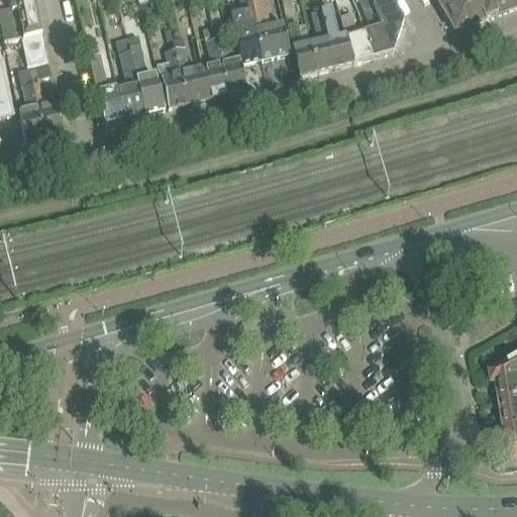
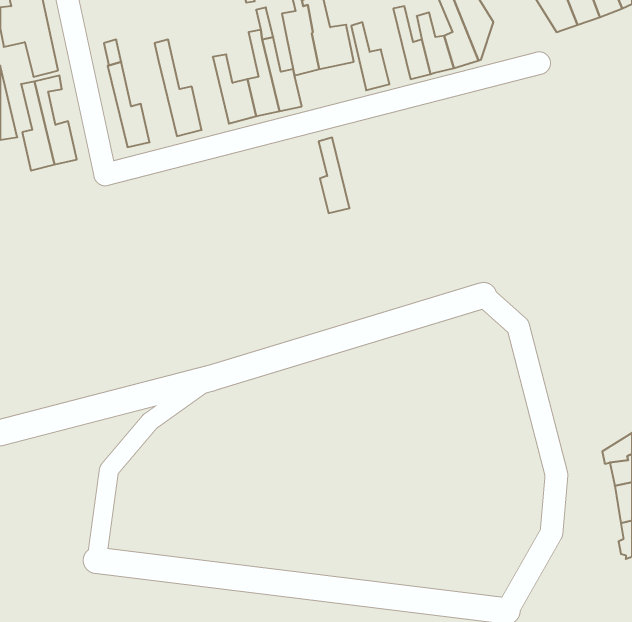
building: [310,7,335,69] -> [319,138,350,213]
building: [158,46,187,105] -> none
building: [115,48,144,116] -> none

